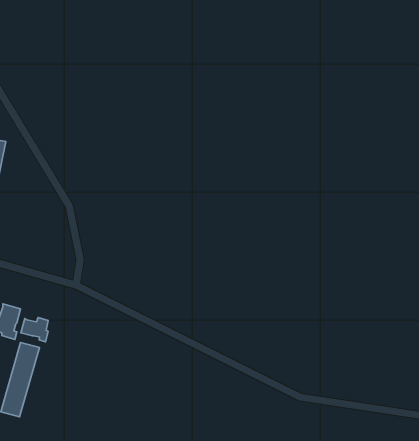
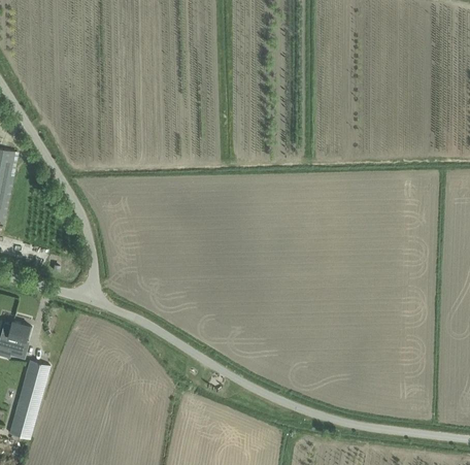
building: [21,317,48,342] -> none

